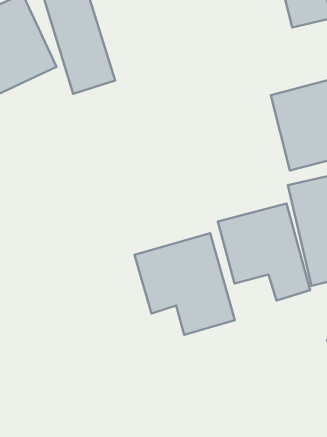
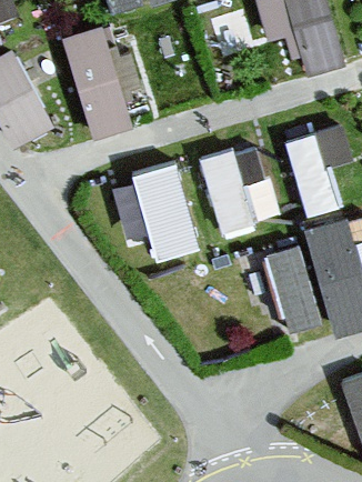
building: none -> [198,147,281,230]
building: [134,233,235,335] -> [102,160,201,260]

